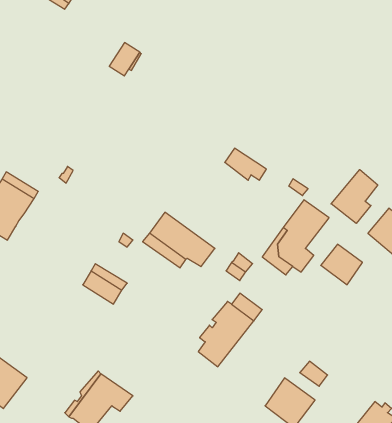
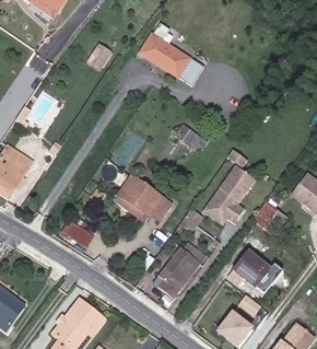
building: none -> [140,34,203,84]
building: [331,170,378,223] -> none
building: none -> [228,249,286,296]

